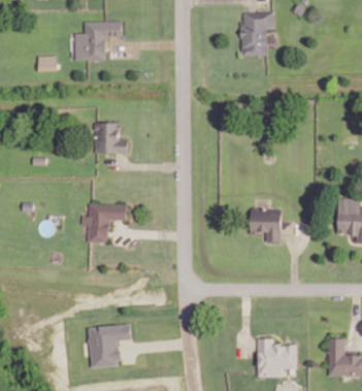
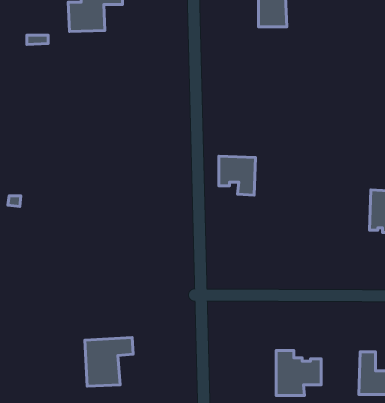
building: [95,122,128,153] -> none
building: [89,203,127,241] -> none
building: [249,207,281,241] -> [219,156,255,195]

